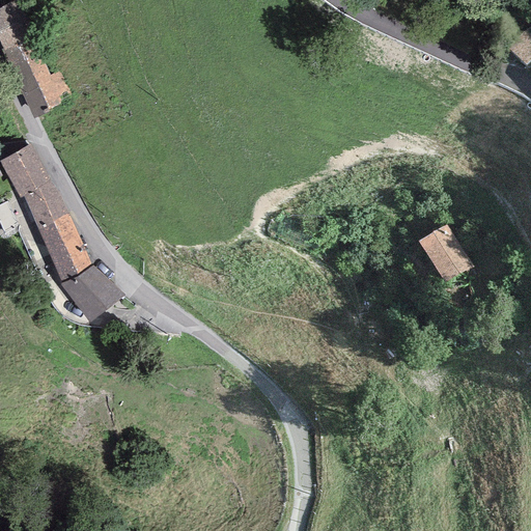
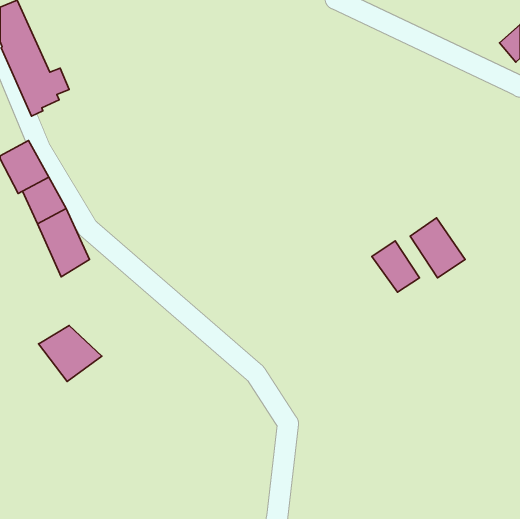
building: none -> [372,241,419,292]
building: [60,264,124,322] -> [39,326,102,382]

